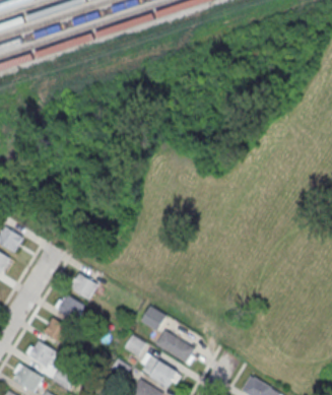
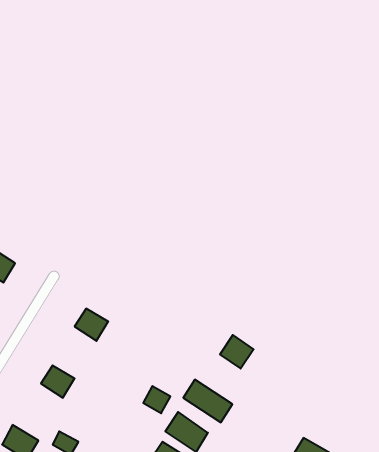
building: [57,293,83,320] -> none
building: [140,305,167,331] -> [220,335,254,369]
building: [29,340,59,367] -> none

